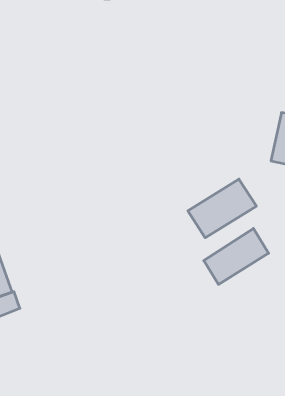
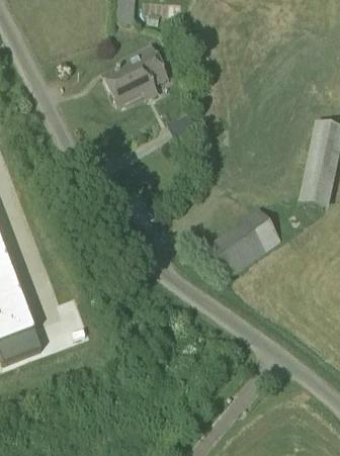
building: none -> [103,43,166,102]
building: [204,228,269,284] -> none

